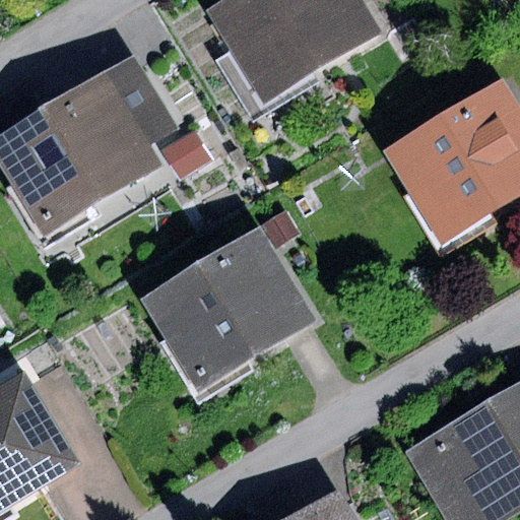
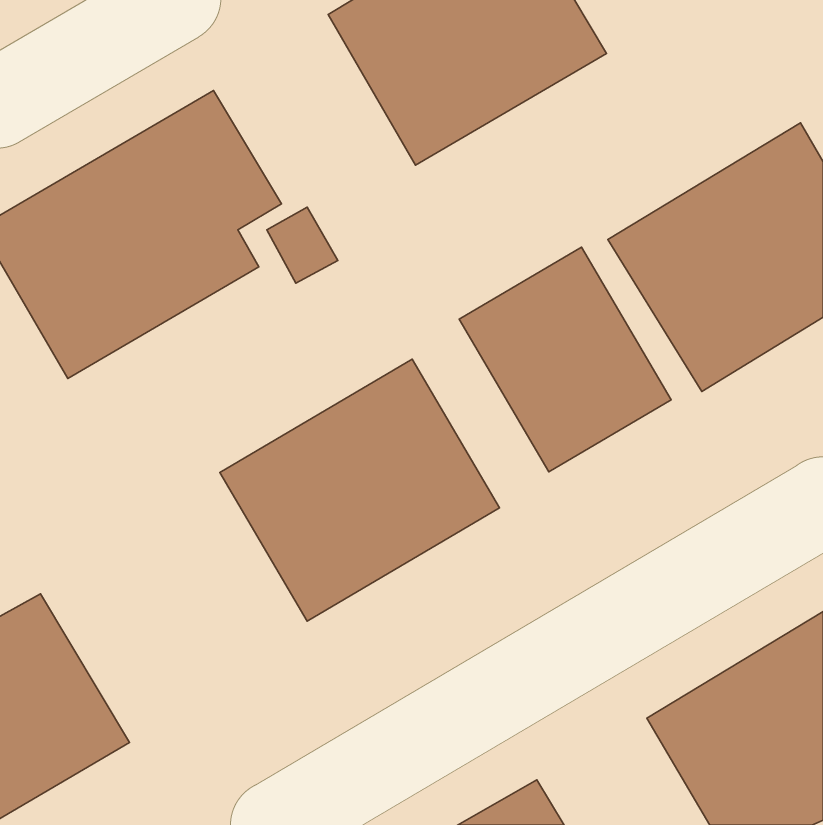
building: none -> [459,247,671,472]

